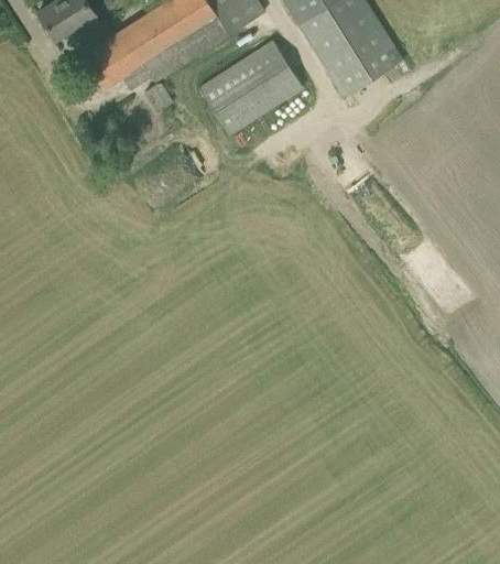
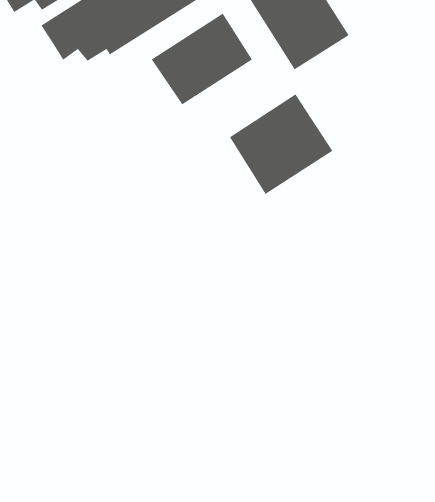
building: none -> [229,94,333,195]

